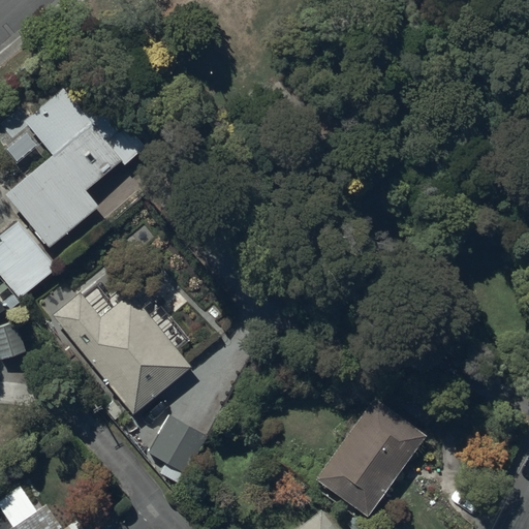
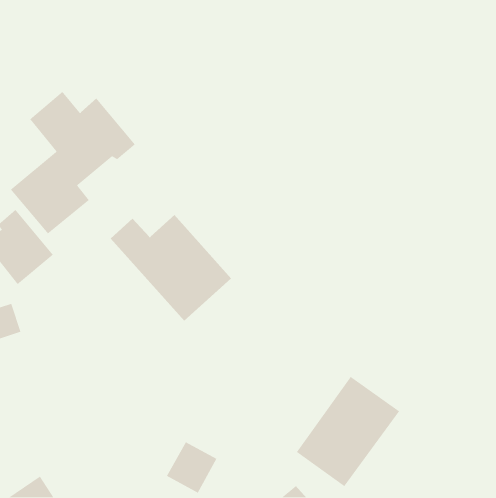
building: [51,290,180,404] -> [110,214,232,321]
building: [148,421,203,476] -> [166,441,218,494]

